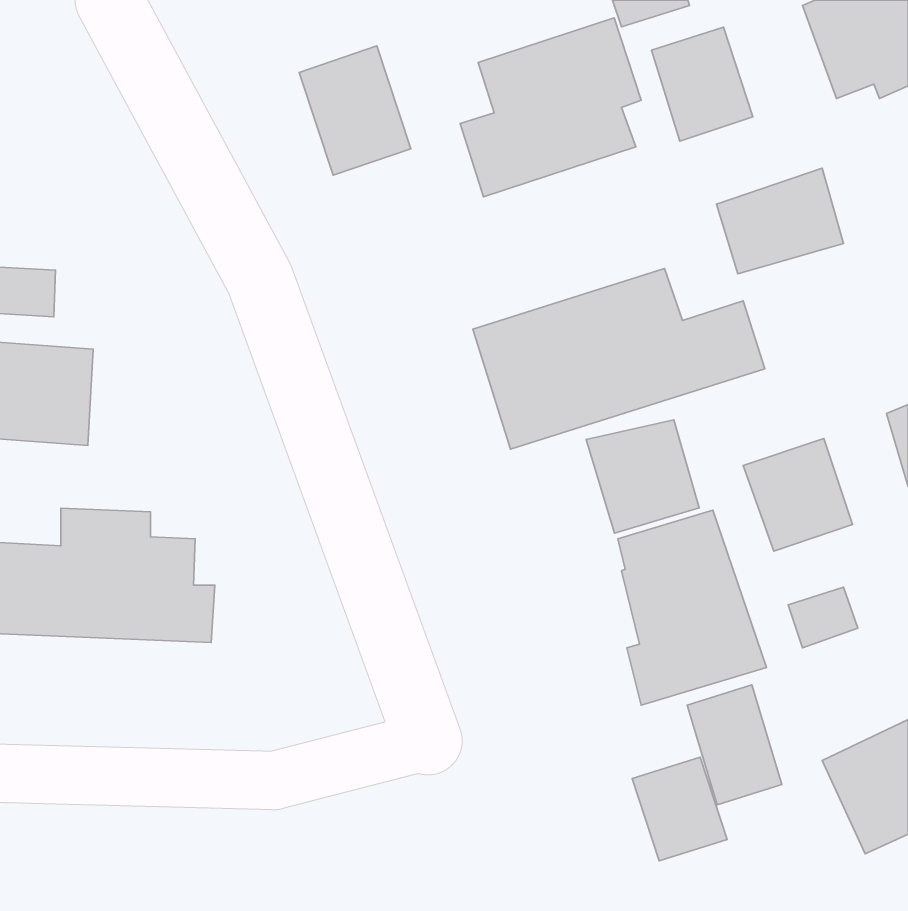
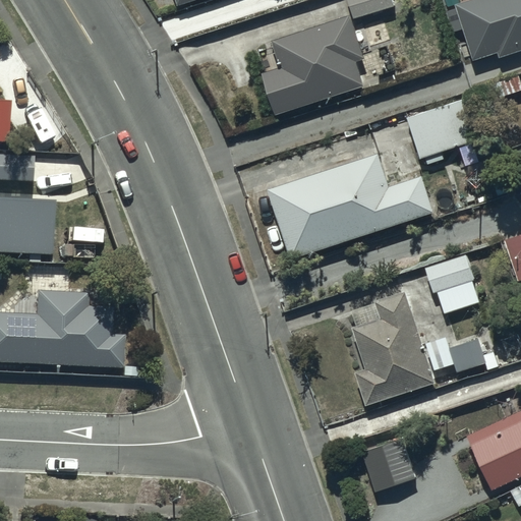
building: [652,27,753,141] -> none
building: [299,46,411,175] -> none
building: [586,420,699,533] -> none
building: [687,685,782,805] -> none

